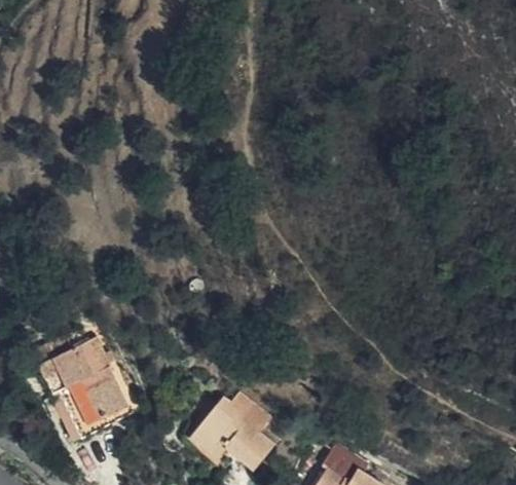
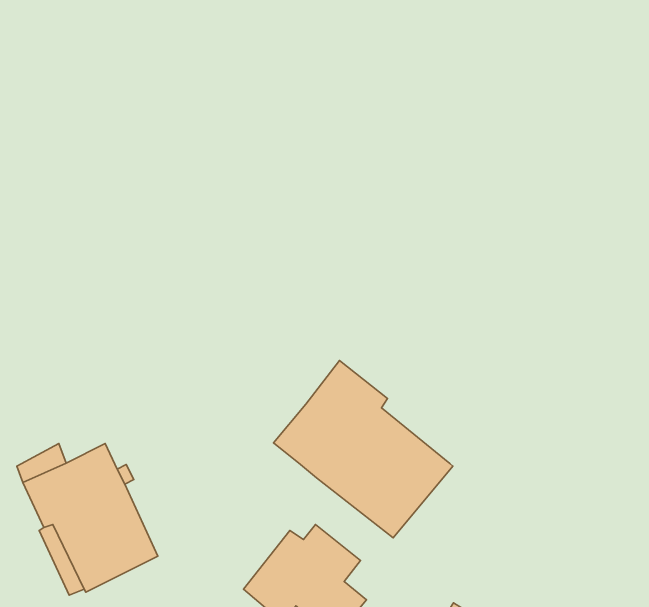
building: none -> [274,360,453,538]

